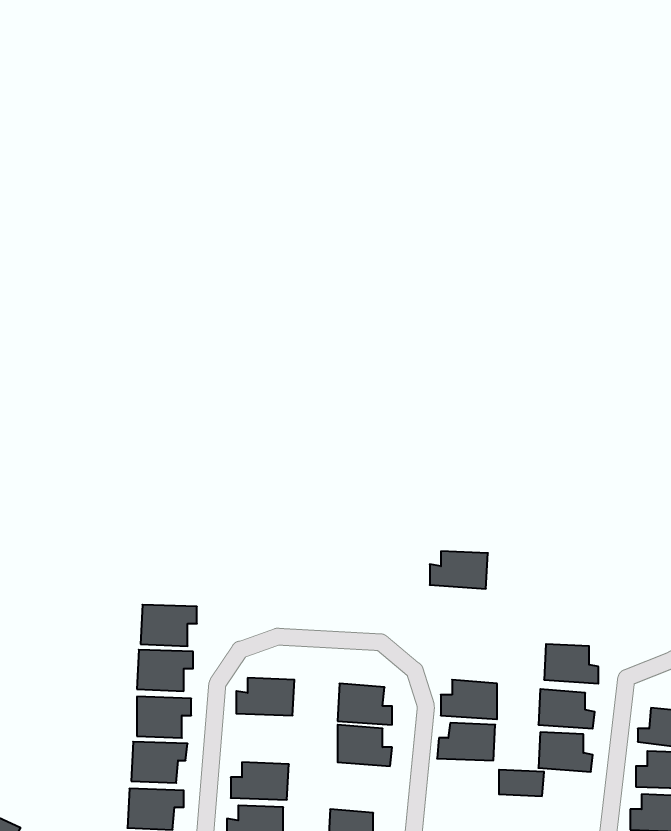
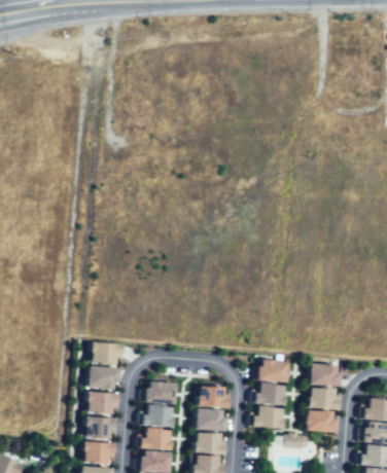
building: [430,551,488,589] -> [256,360,288,380]
building: none -> [142,405,173,427]
building: none -> [195,432,225,453]

